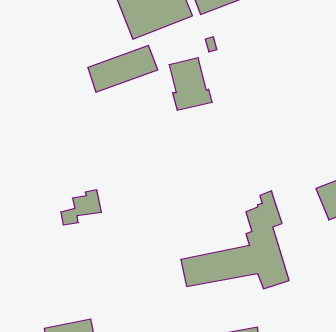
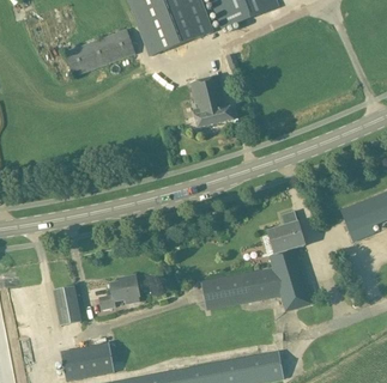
building: [88,45,158,92] -> [64,29,135,77]
building: [61,190,102,225] -> [97,274,139,310]
building: none -> [53,286,80,327]

